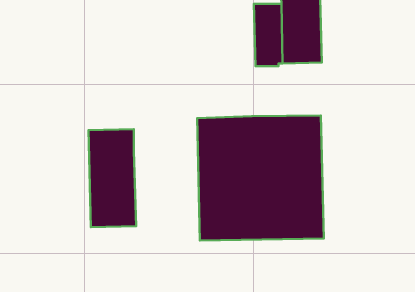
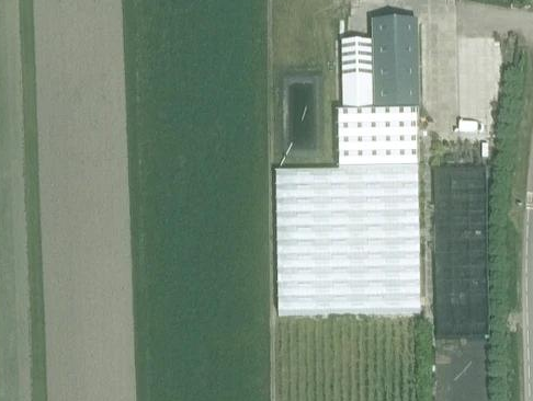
building: none -> [338,111,418,169]
building: [89,129,136,227] -> none

